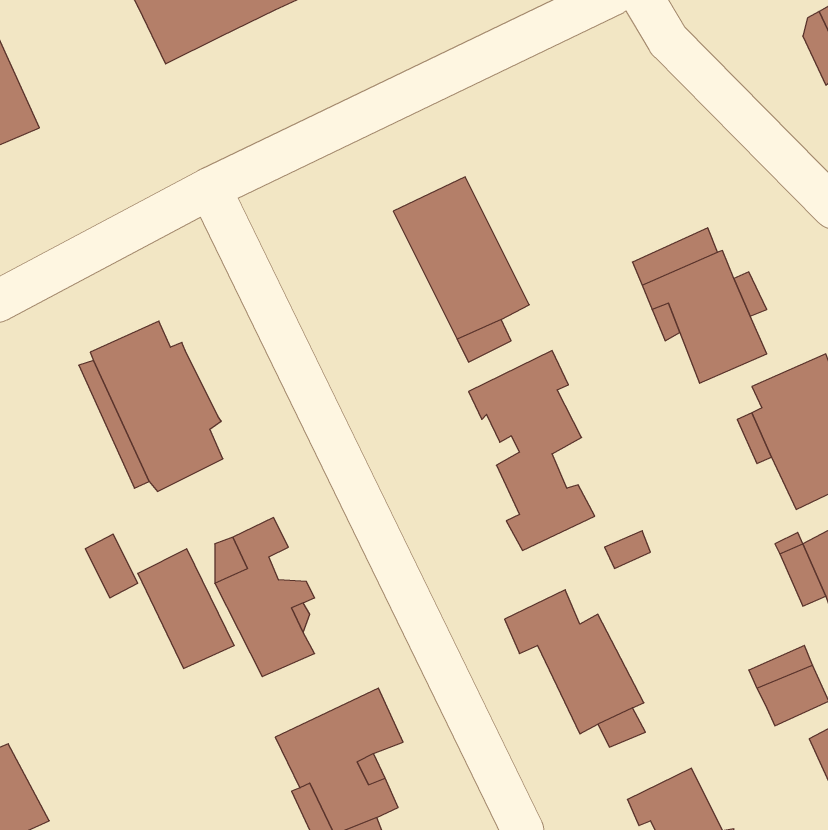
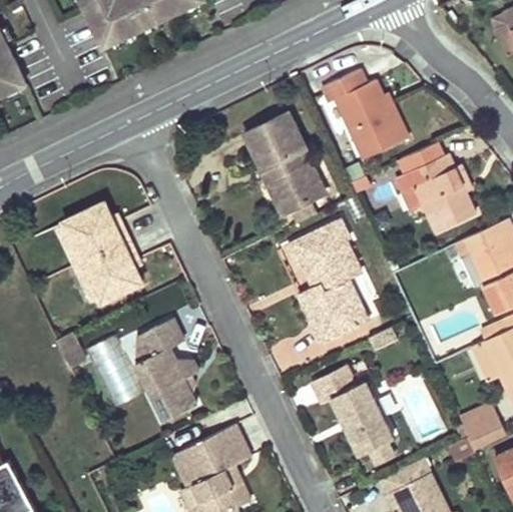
building: none -> [318,64,405,158]
building: none -> [279,242,322,292]

